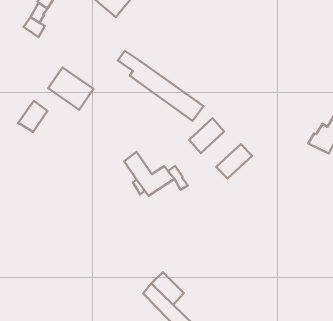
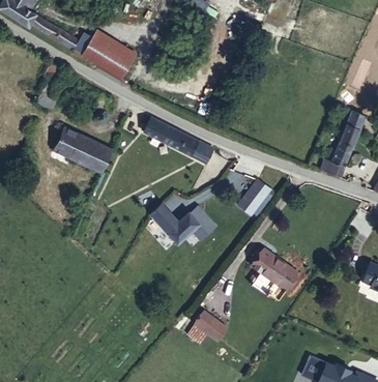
building: [18,101,48,132] -> [54,126,80,155]
building: [189,118,224,153] -> none
building: none -> [253,247,298,289]

